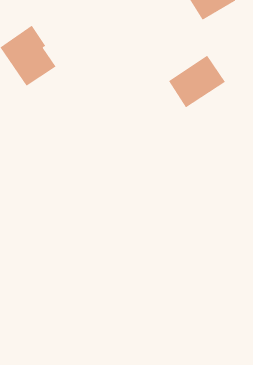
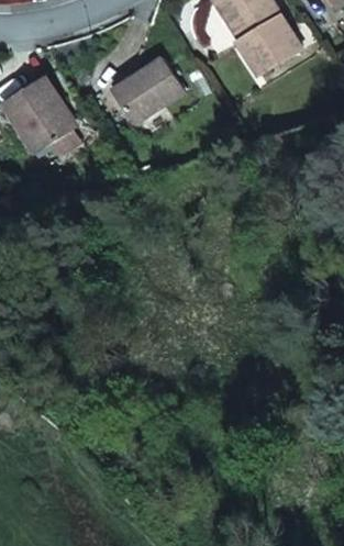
building: [168,55,226,108] -> [112,56,185,123]

